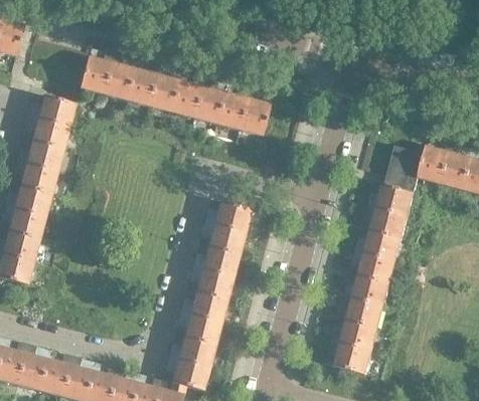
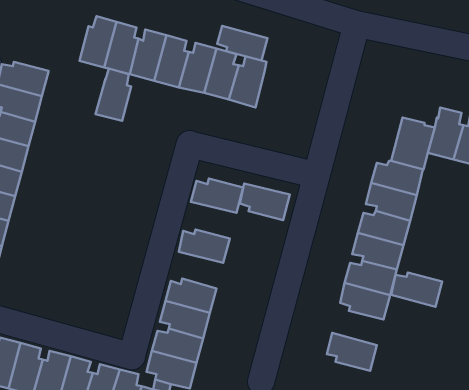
building: [81,48,113,95] -> [96,69,131,121]
building: none -> [217,26,268,60]
building: [201,223,247,256] -> [240,183,290,220]
building: [189,268,234,302] -> none
building: [333,322,379,353] -> [391,273,442,307]

